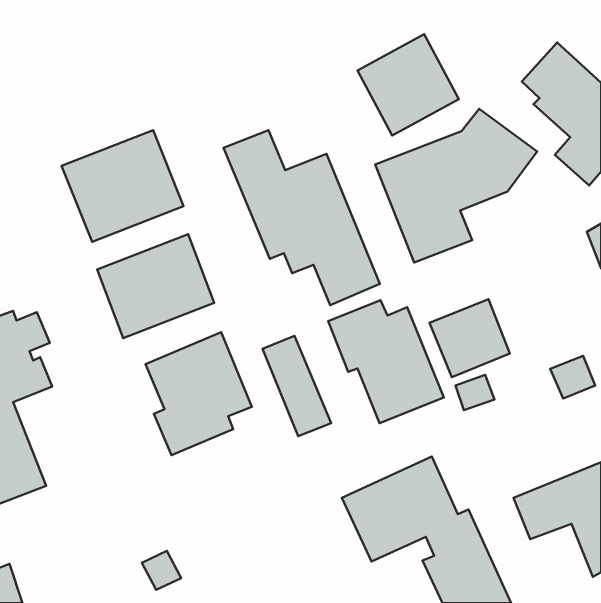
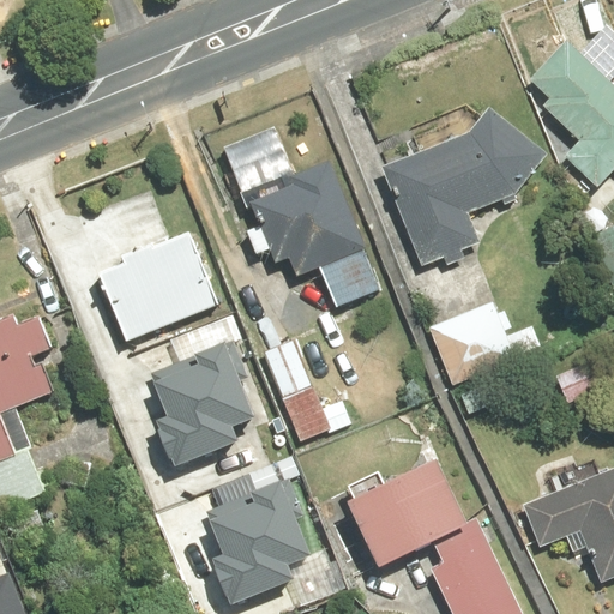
building: [357,34,459,135] -> none
building: [62,130,184,242] -> none
building: [328,300,444,423] -> none
building: none -> [201,474,311,598]

